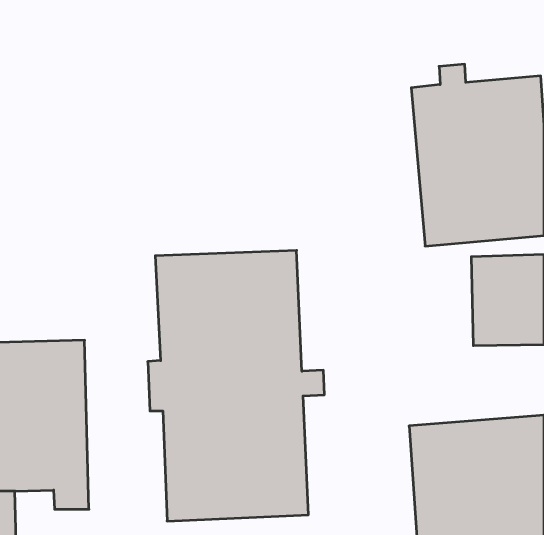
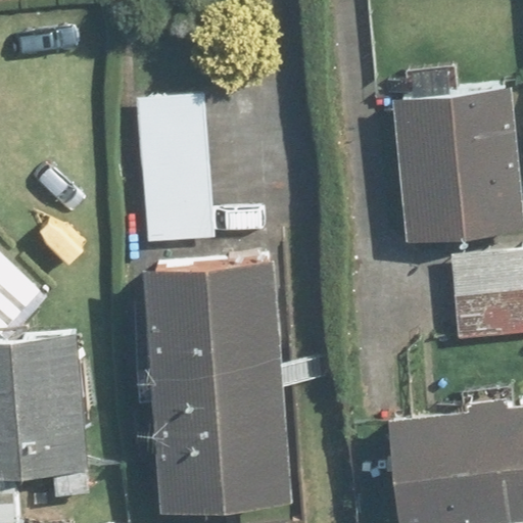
building: none -> [135,99,210,240]

